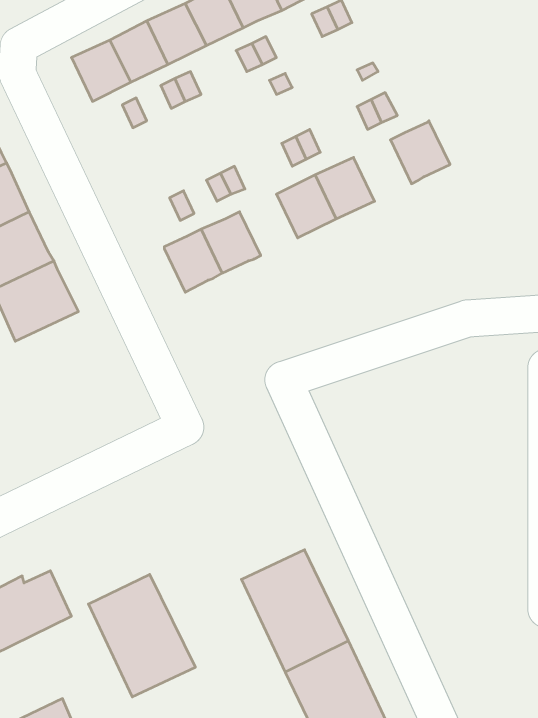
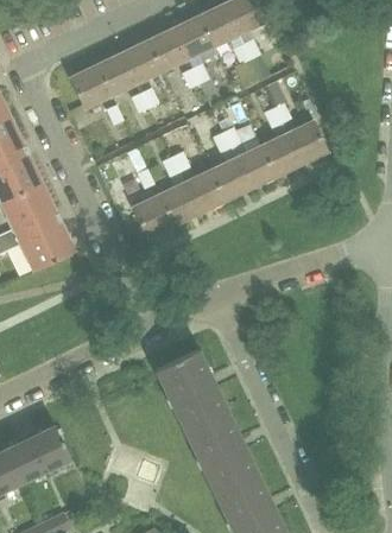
building: none -> [261,134,301,176]
building: none -> [184,171,223,212]
building: [88,574,195,697] -> [156,349,228,432]

